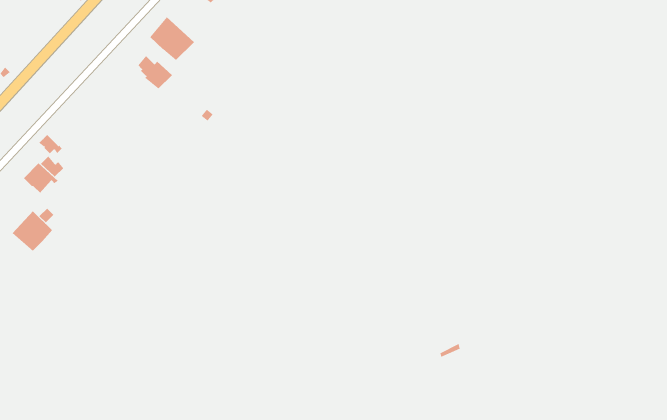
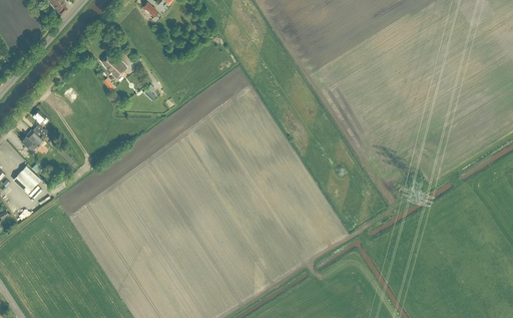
building: [150,16,195,61] -> none

